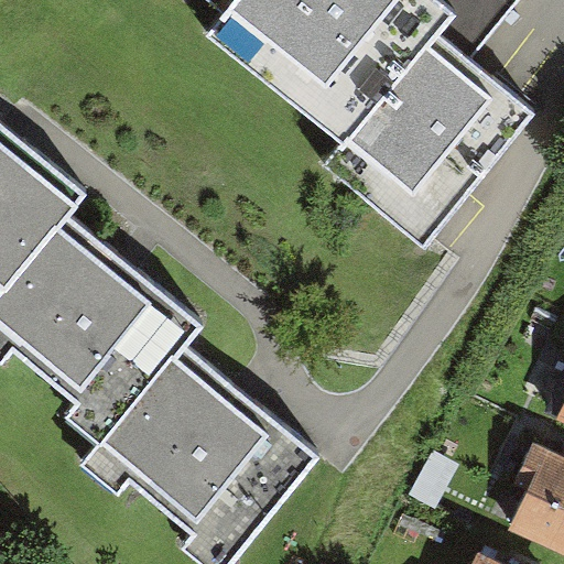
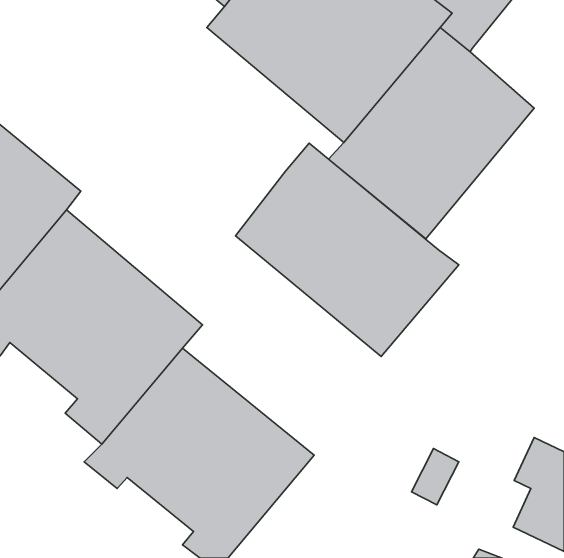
building: none -> [235,143,459,357]

